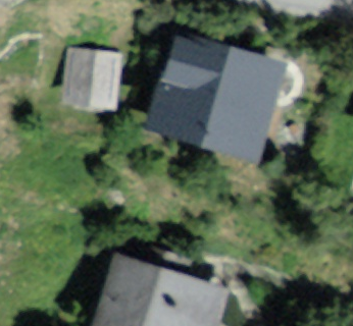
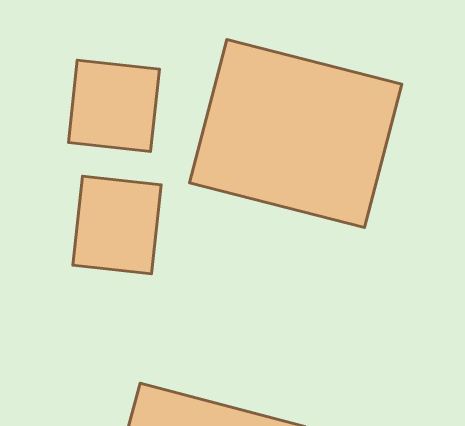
building: none -> [73,176,161,274]

